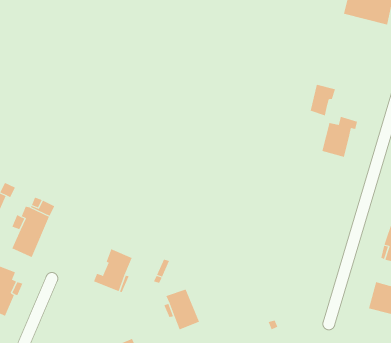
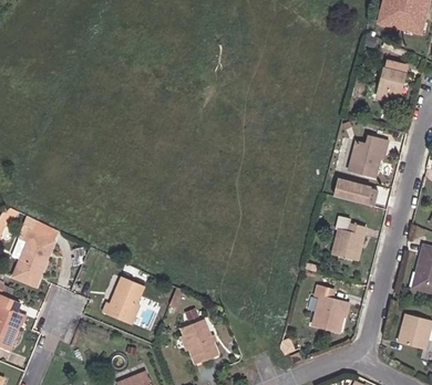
building: [310,84,336,116] -> [374,70,402,104]
building: none -> [335,183,374,207]
building: none -> [330,225,363,262]
building: none -> [311,288,346,333]

